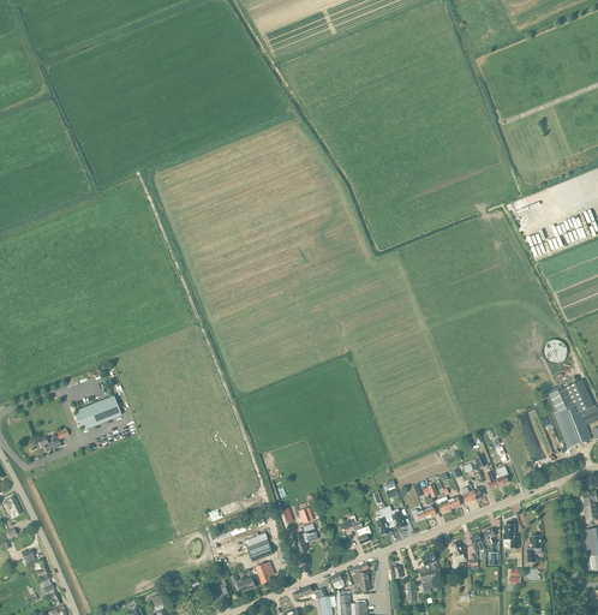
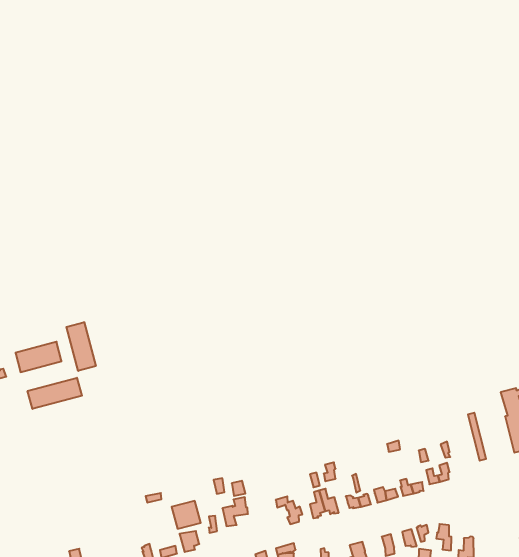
building: none -> [66,322,96,371]
building: none -> [28,378,82,409]

